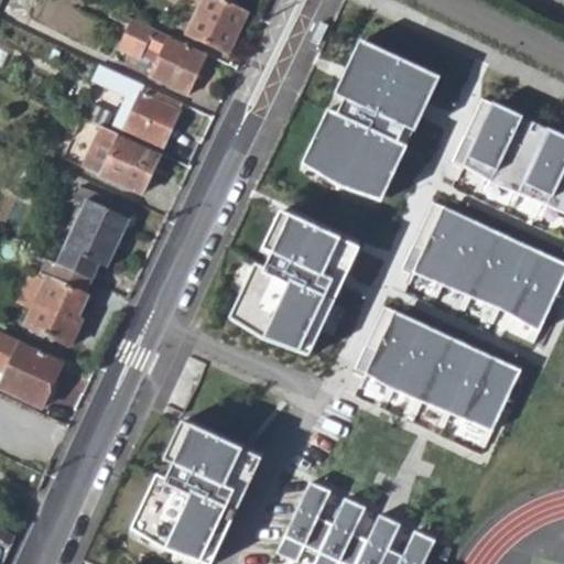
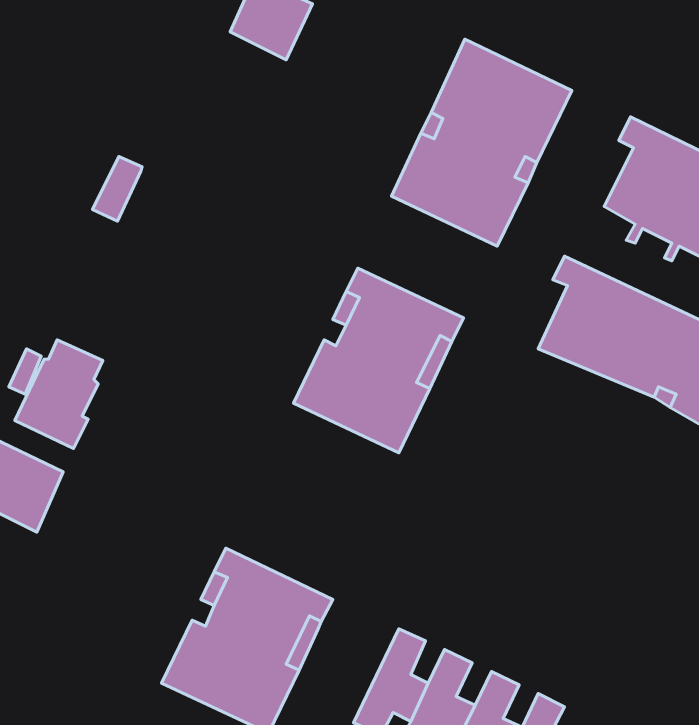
building: [118,19,204,95] -> none
building: [91,65,181,147] -> none
building: [100,138,156,194] -> none
building: [55,186,127,280] -> none
building: [367,306,522,446] -> none

